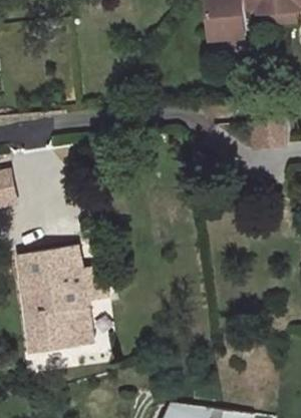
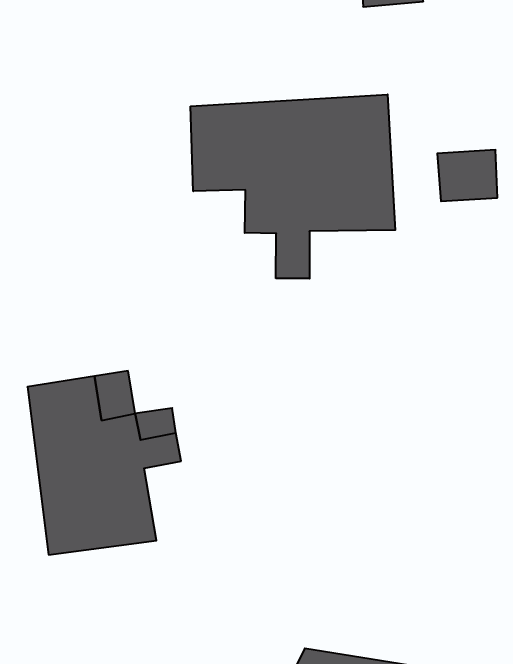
building: none -> [191,94,395,279]

